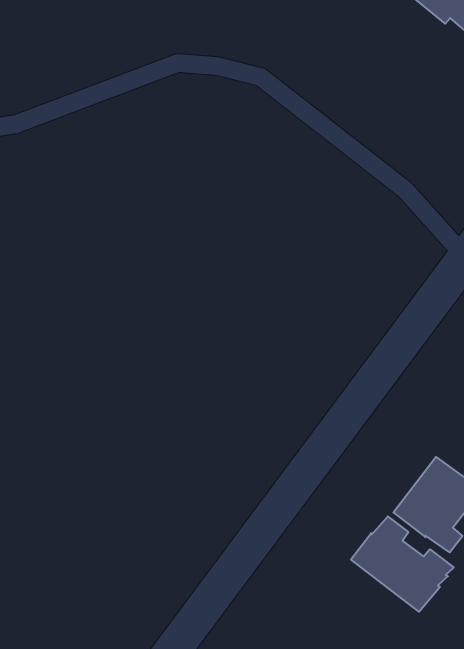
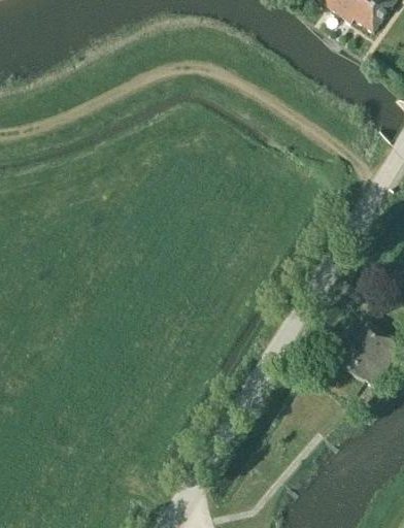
building: [351,516,454,612] -> none

